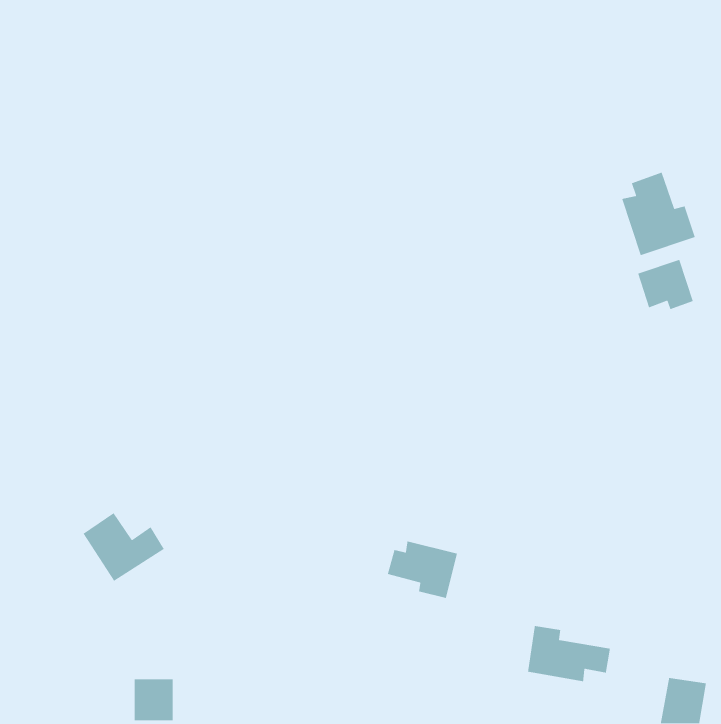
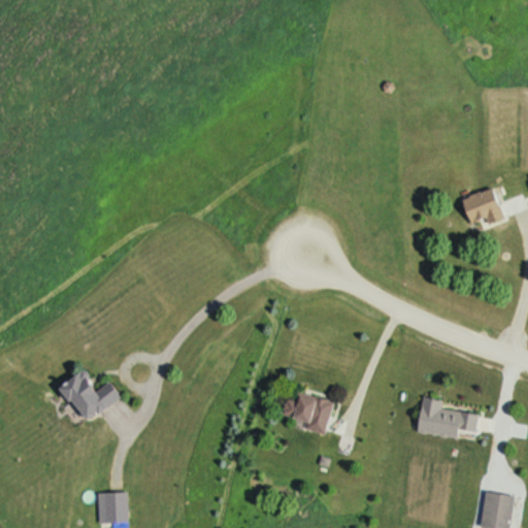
building: [621,172,696,256] -> none
building: [527,625,611,682] -> [417,398,477,439]

